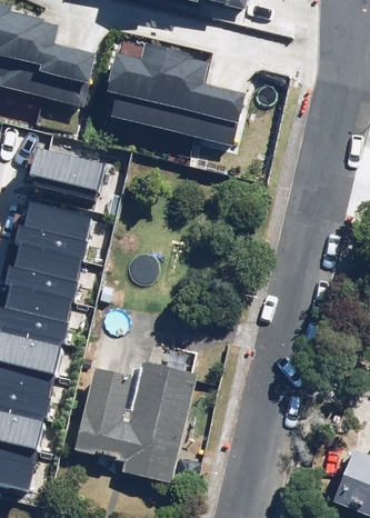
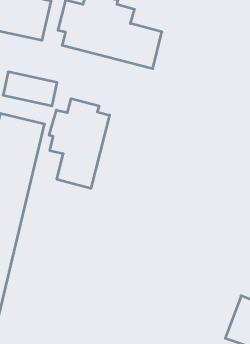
building: none -> [49,99,110,188]
building: [77,366,196,481] -> none

